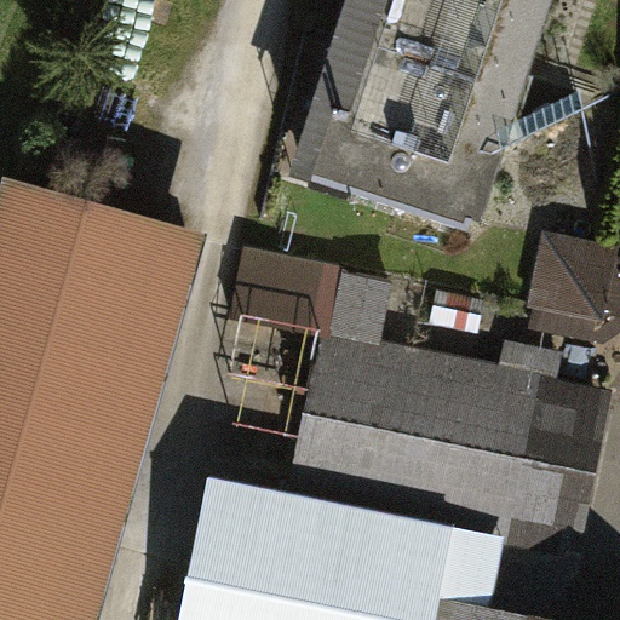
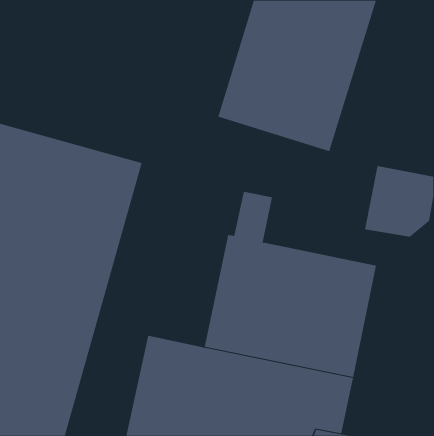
building: [230,251,345,334] -> none
building: [503,377,610,549] -> none

